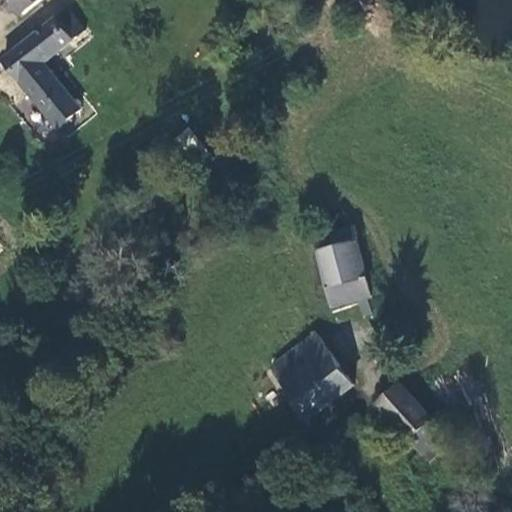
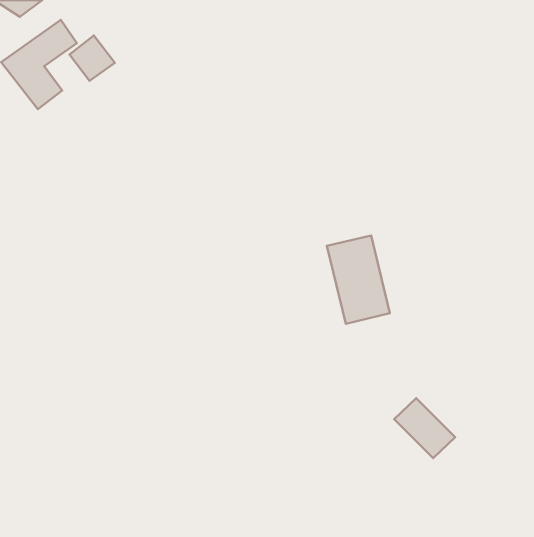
building: [36,86,79,129] -> [70,36,115,81]
building: [264,331,353,420] -> none

